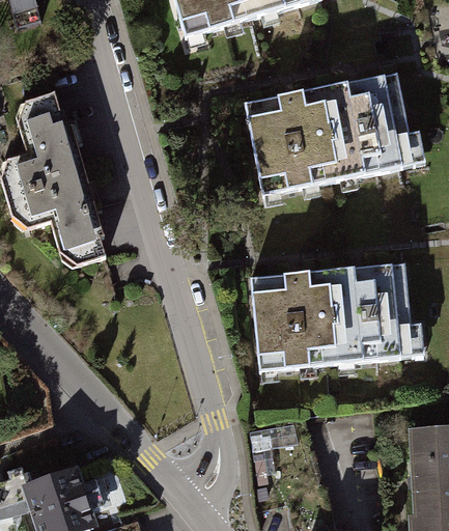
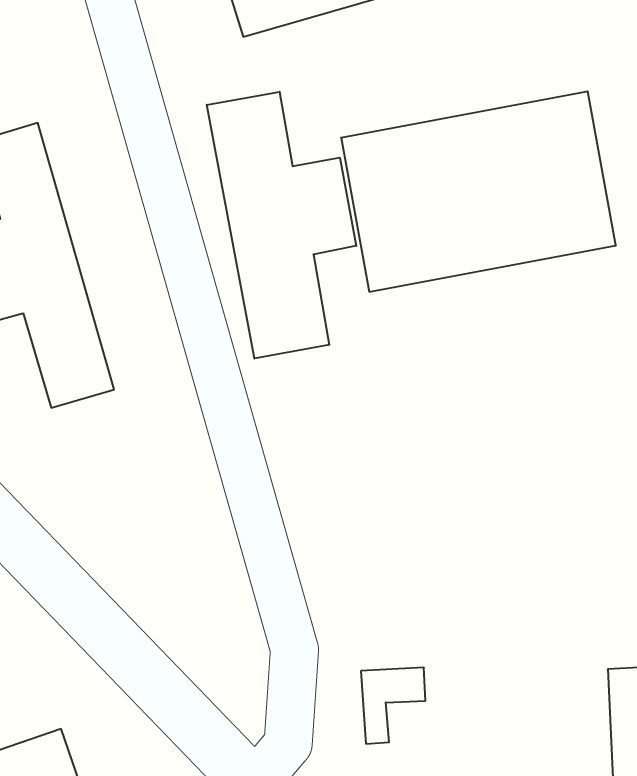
building: none -> [207,92,356,359]
building: [252,266,412,373] -> none

